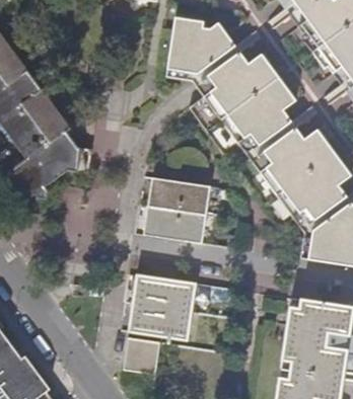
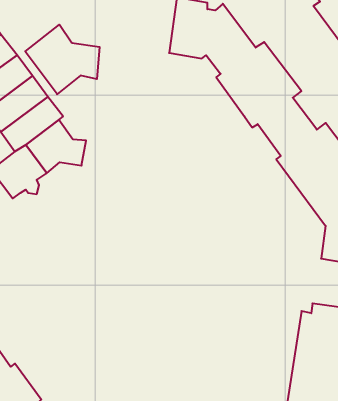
building: none -> [25,25,100,94]
building: [143,177,209,243] -> none
building: [129,274,195,338] -> none
building: [124,337,160,373] -> none

